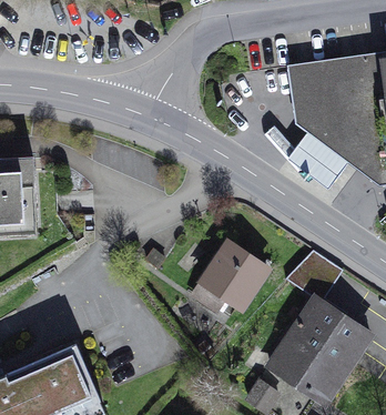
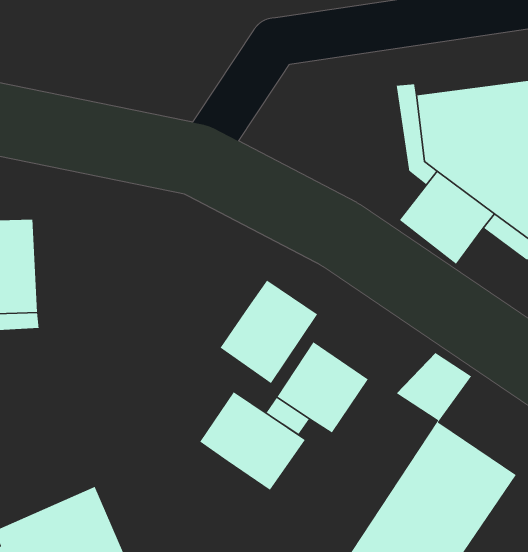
building: none -> [219,279,318,384]
building: none -> [199,391,306,491]

